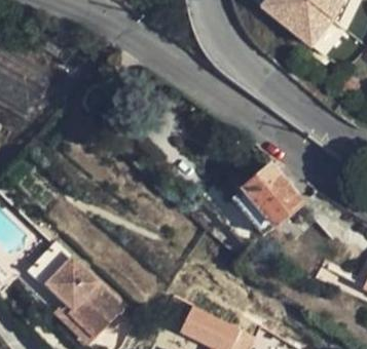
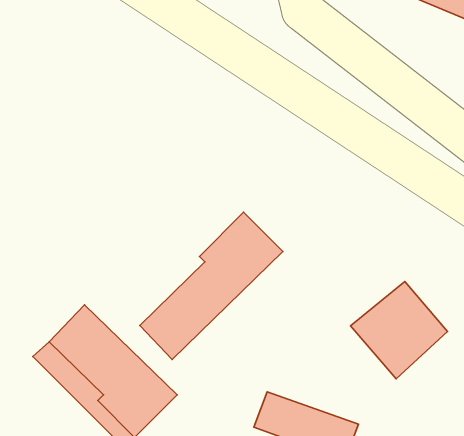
building: [234,166,302,234] -> [350,282,448,379]
building: none -> [140,212,283,360]

